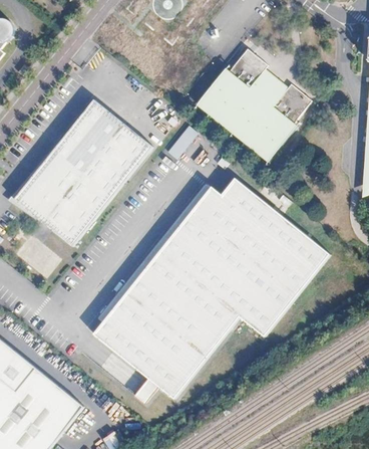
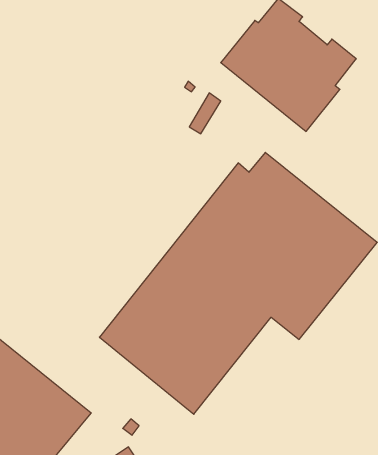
building: [11,99,150,248] -> none

